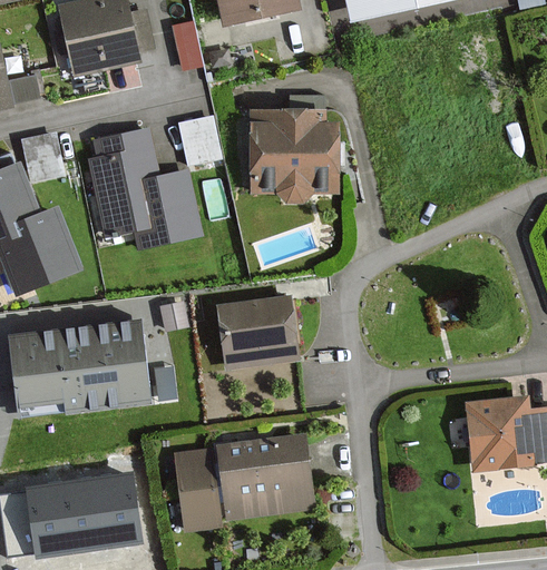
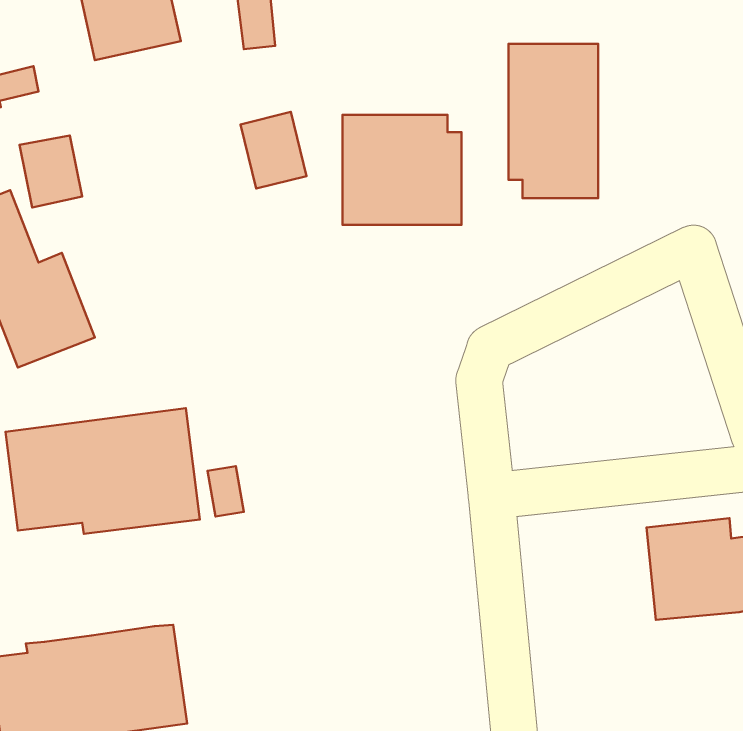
building: none -> [508,44,598,198]
building: [90,129,201,249] -> none
building: [215,295,299,370] -> none
building: [175,436,307,530] -> none

